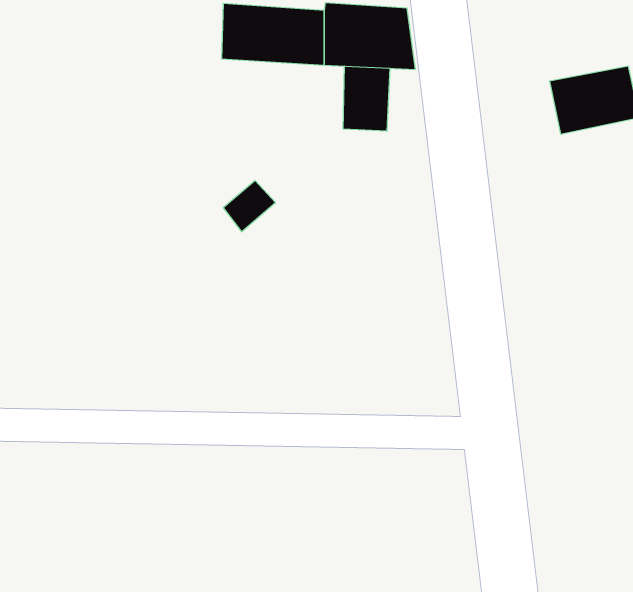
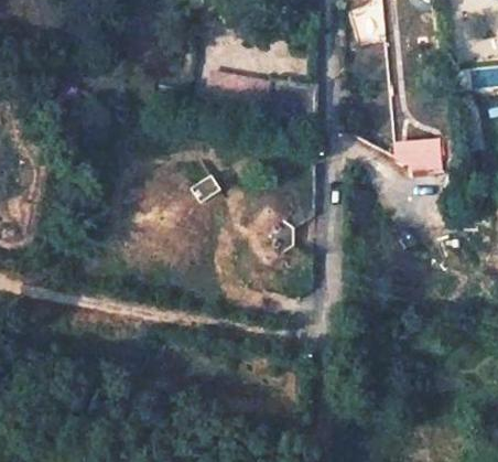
building: [343,66,390,131] -> none

